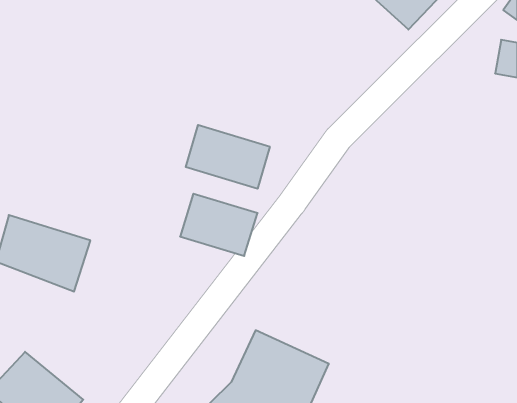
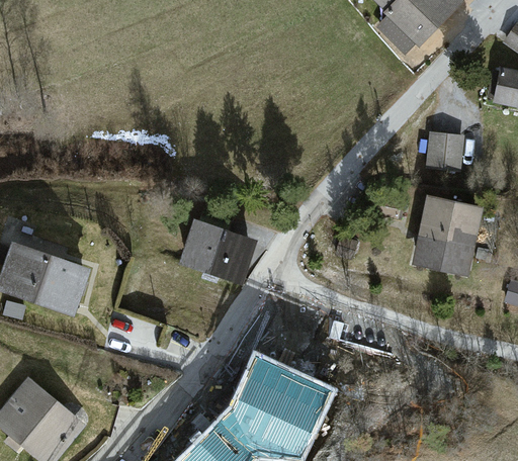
building: none -> [427,125,463,160]
building: [186,125,270,189] -> none
building: none -> [410,195,487,280]

